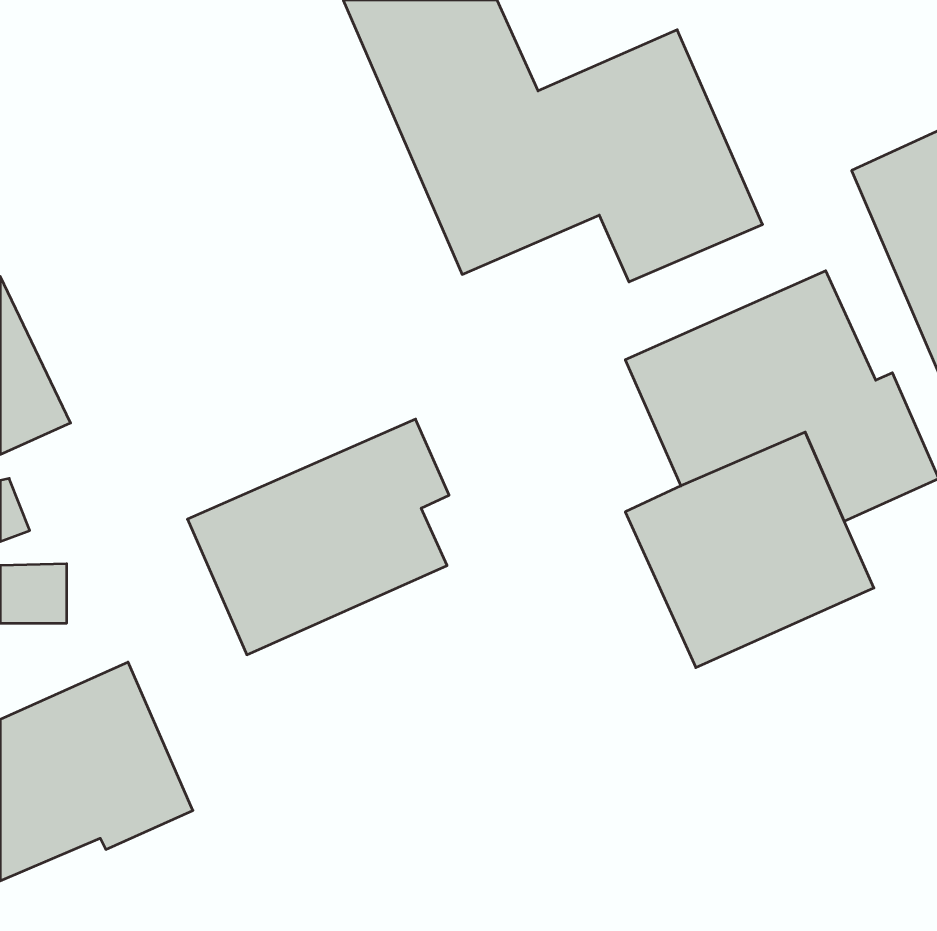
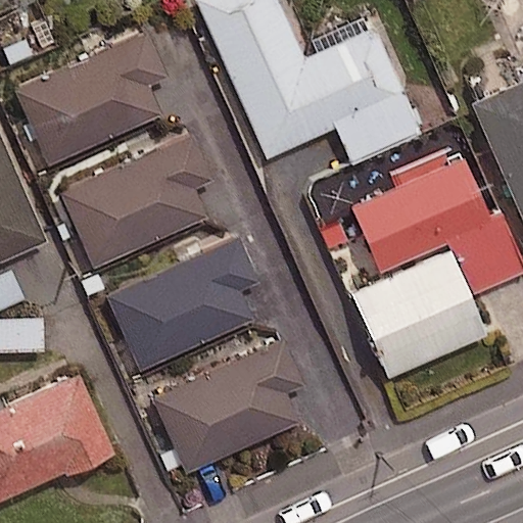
building: none -> [16,35,163,164]
building: none -> [61,135,210,267]
building: none -> [153,339,300,472]

